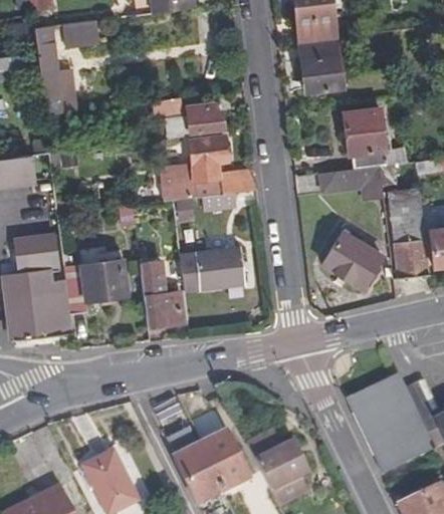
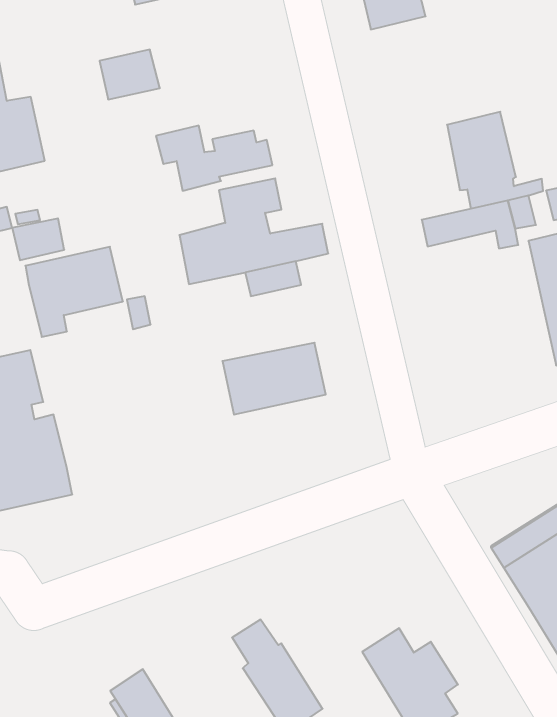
building: [63,19,101,49] -> [100,50,160,99]
building: [300,39,346,101] -> none
building: [322,232,382,289] -> none
building: [63,258,126,313] -> [25,247,123,337]
building: [139,261,183,325] -> none
building: [200,432,249,491] -> none

